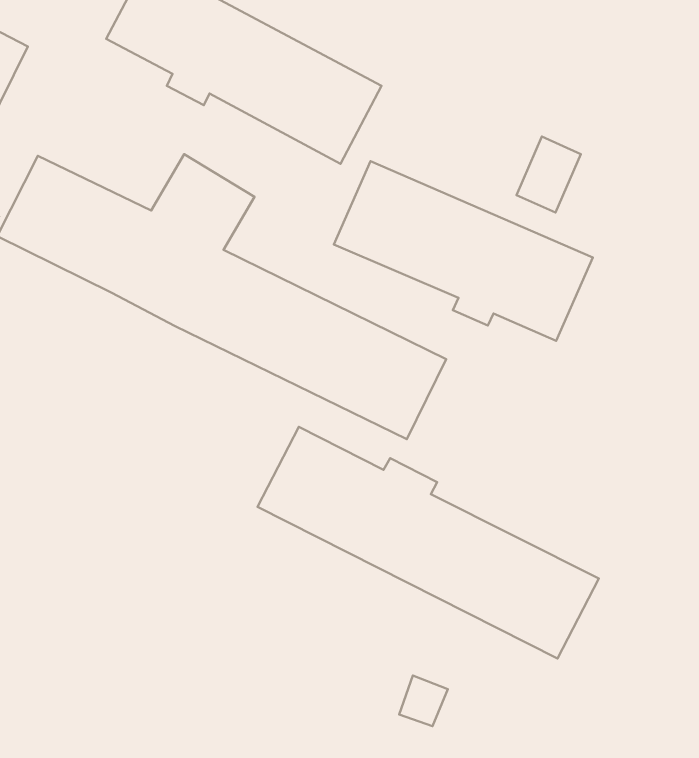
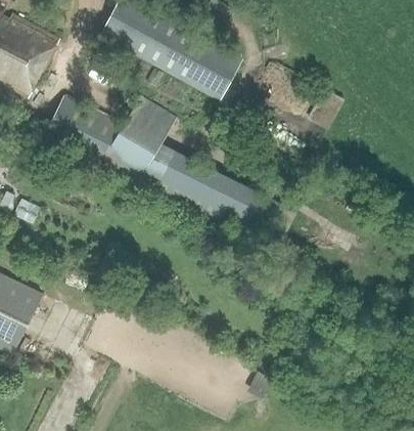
building: [334,161,593,341] -> none
building: [258,427,599,659] -> none

